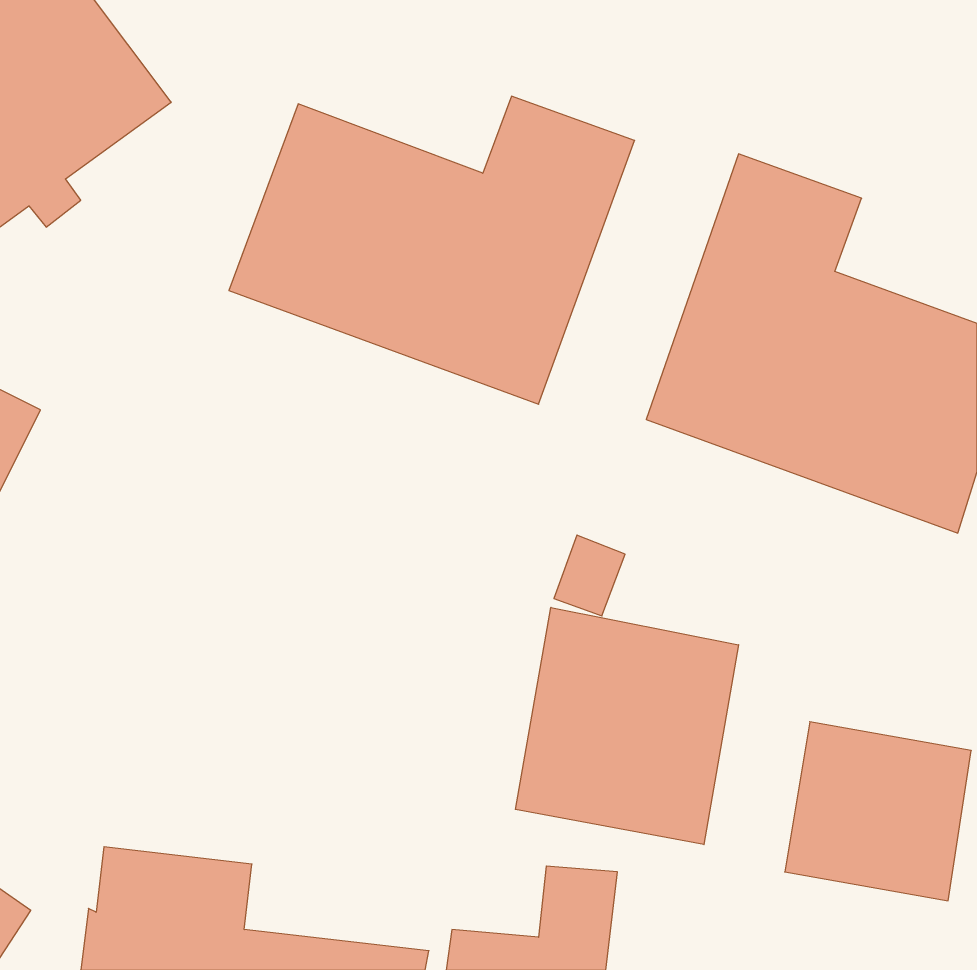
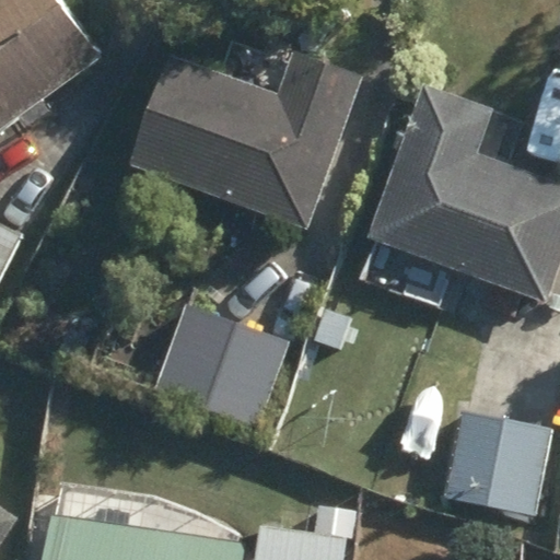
building: none -> [156,304,291,428]
building: [515,607,739,845] -> none

